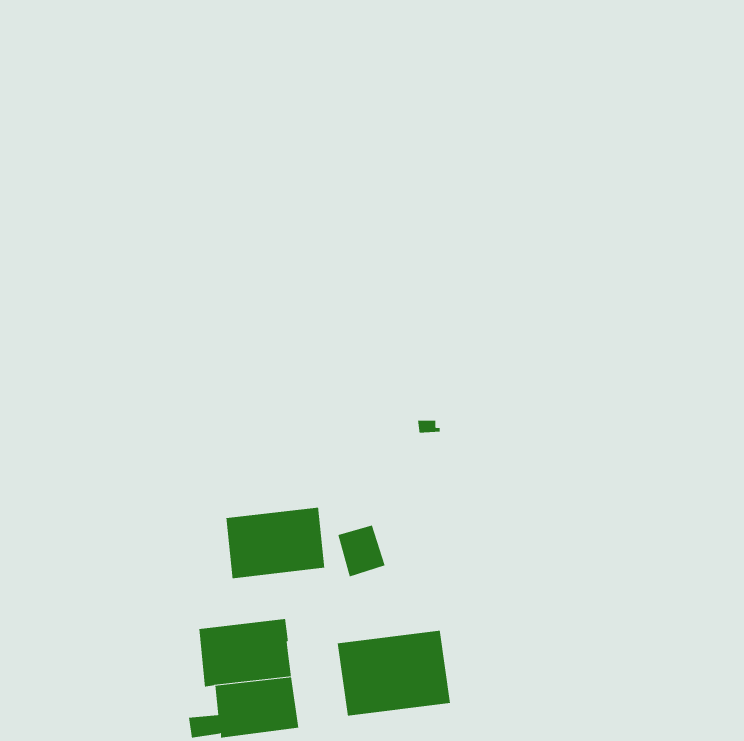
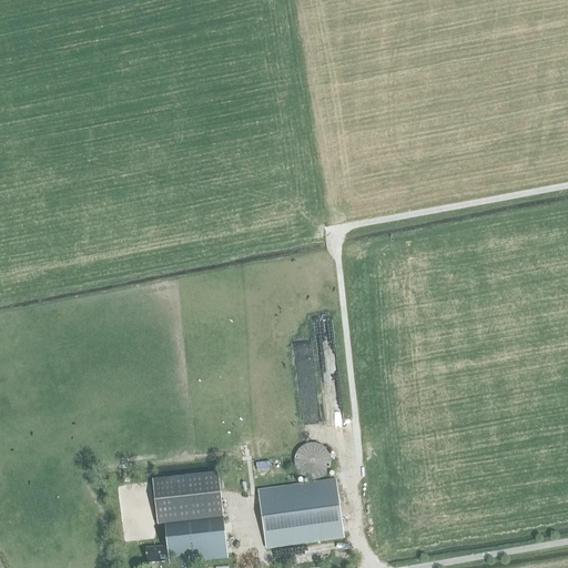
building: [226,507,325,579] -> none
building: [337,525,386,577] -> [300,439,336,479]

